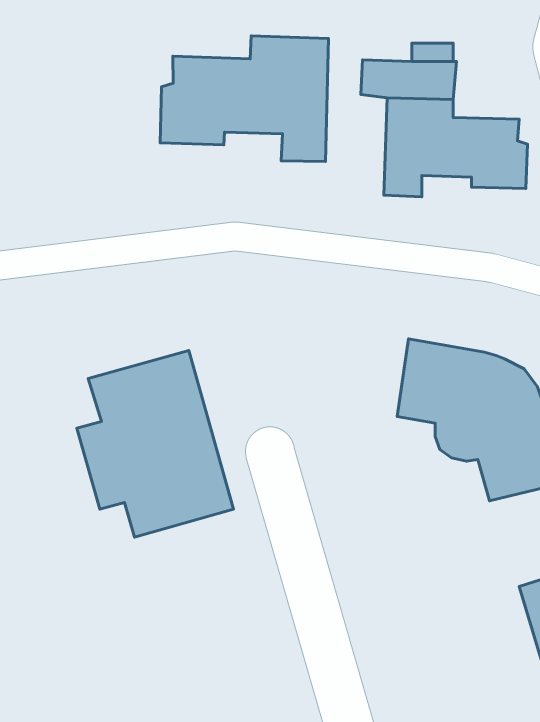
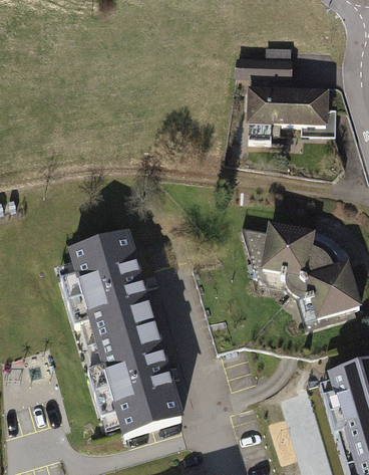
building: [160,36,329,161] -> none
building: none -> [90,325,183,437]

